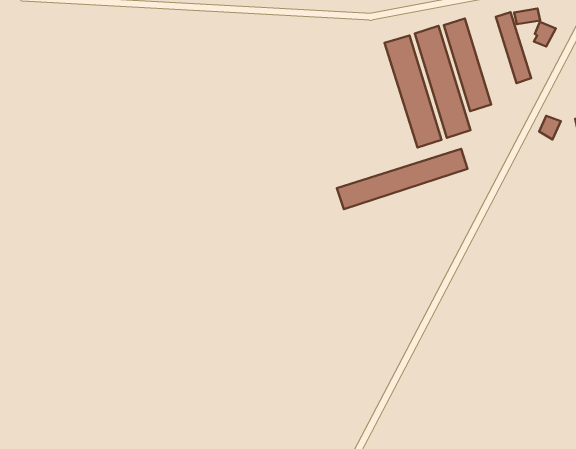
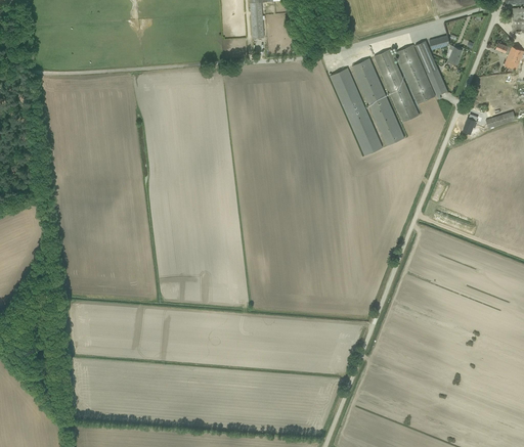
building: none -> [394,44,434,103]
building: [337,149,467,209] -> none

